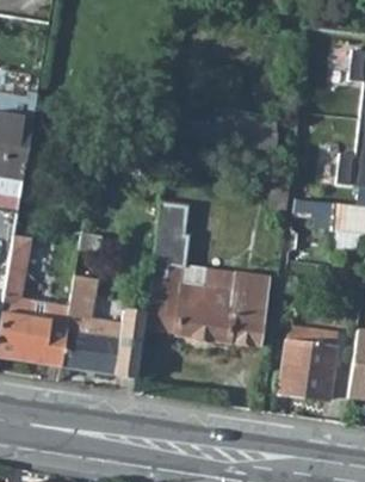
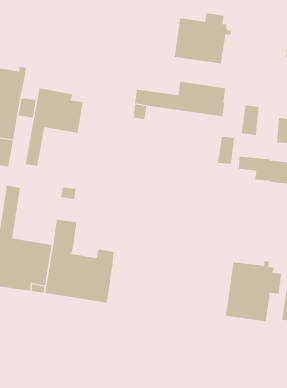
building: none -> [174,12,232,64]
building: none -> [25,88,83,167]
building: [143,203,267,345] -> none

